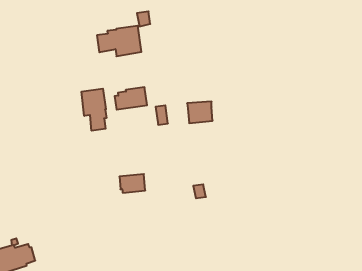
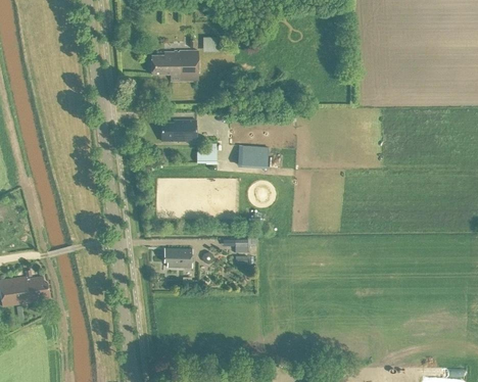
building: [82,89,106,131] -> none
building: [119,174,145,193] -> [164,247,193,267]

